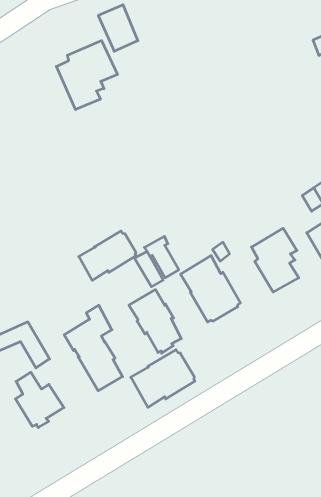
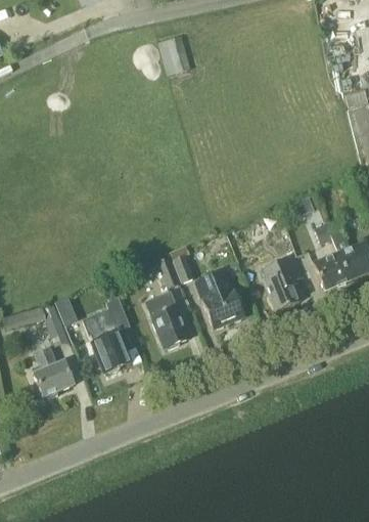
building: [56,41,117,110] -> none
building: [79,231,136,280] -> none
building: [131,350,195,407] -> none

